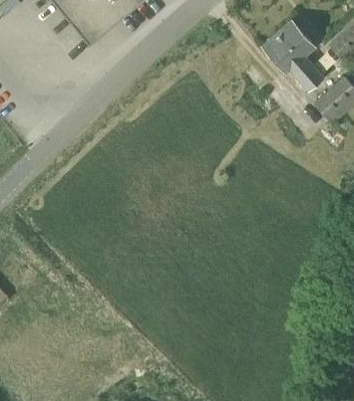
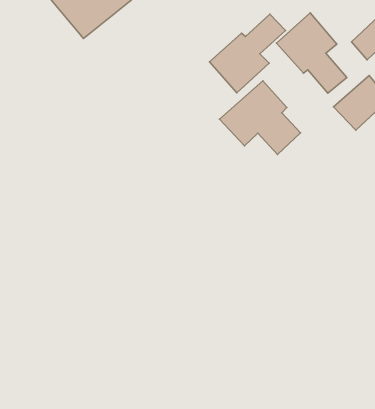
building: none -> [209,14,285,93]
building: none -> [219,81,301,154]

